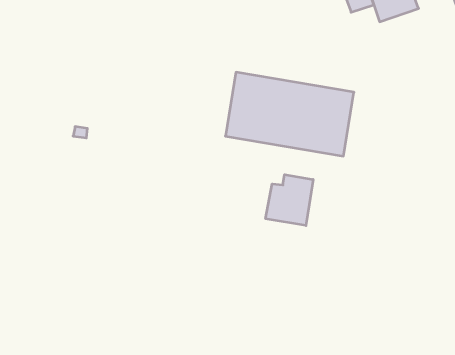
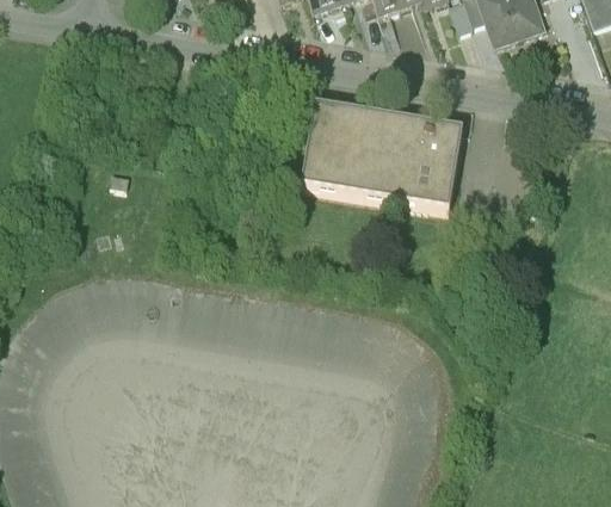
building: [266,175,313,226] -> none

